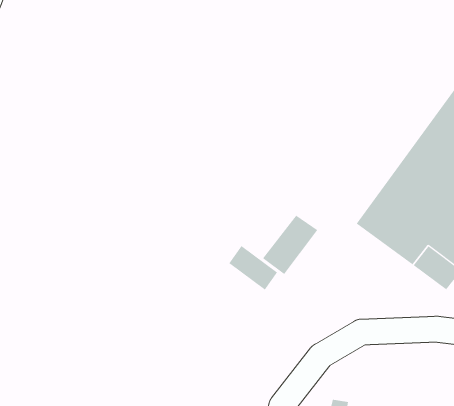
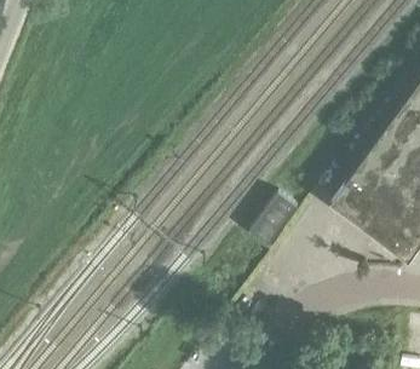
building: [229,245,278,290] -> none

